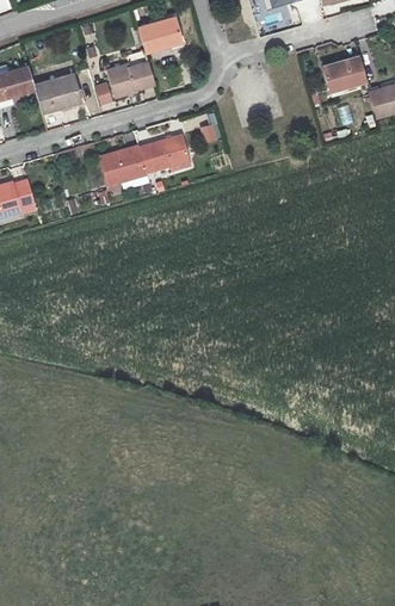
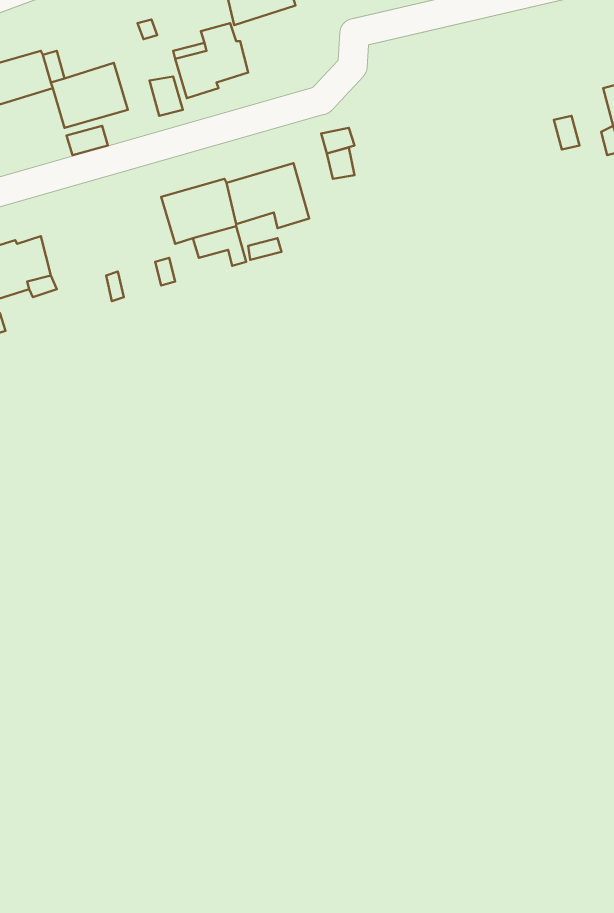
building: [322,55,365,88] -> none

